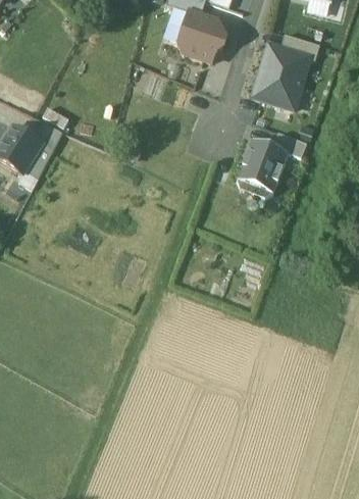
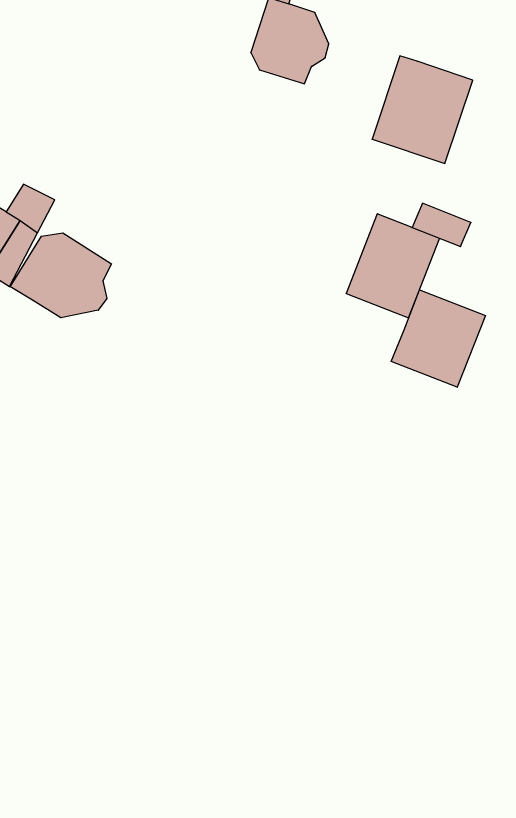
building: [275,33,319,60] -> none
building: none -> [10,233,111,318]
building: none -> [391,290,485,387]

